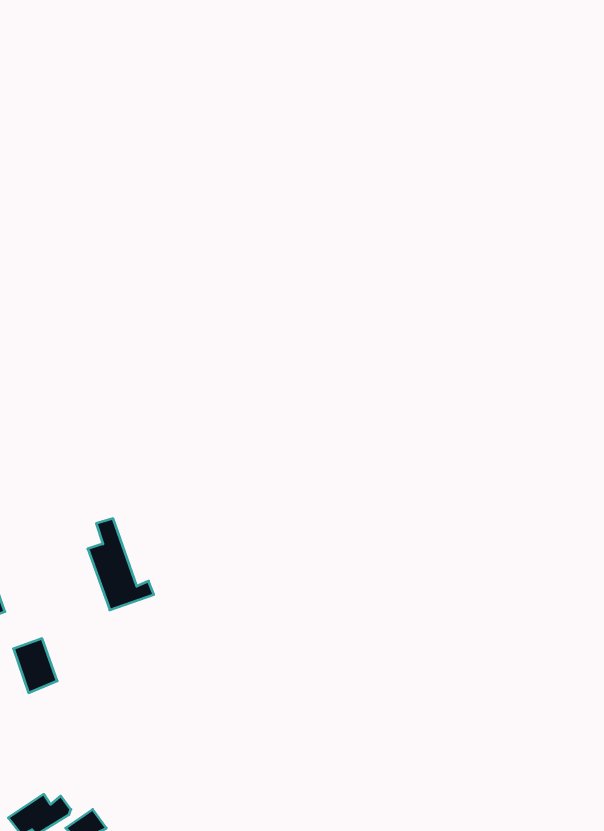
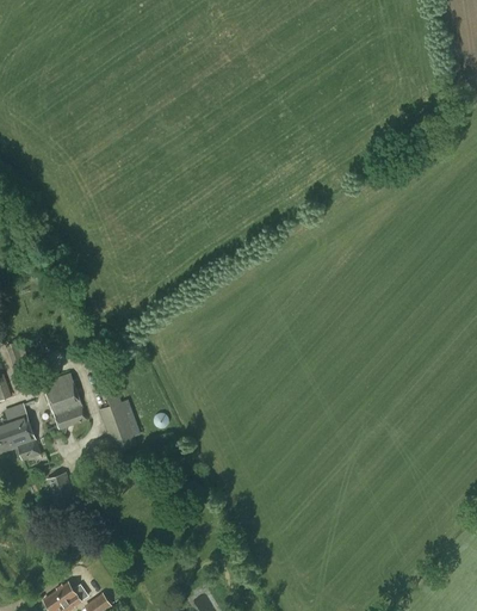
building: none -> [43,372,88,434]

